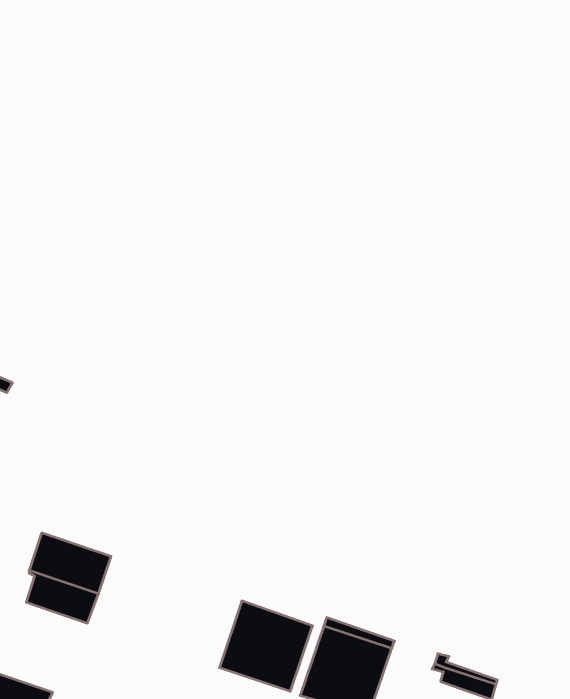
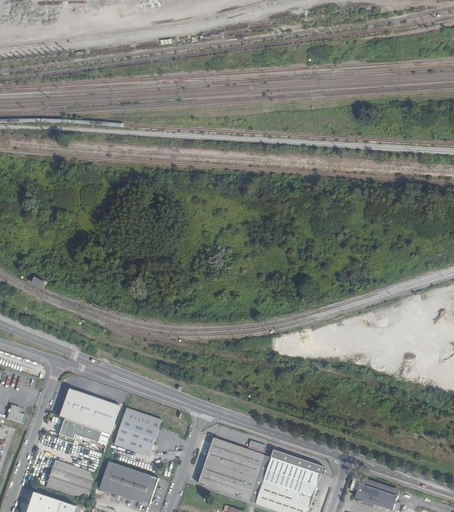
building: none -> [114,409,161,458]
building: none -> [46,459,96,500]
building: none -> [100,460,159,504]

